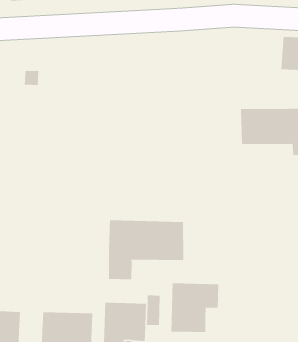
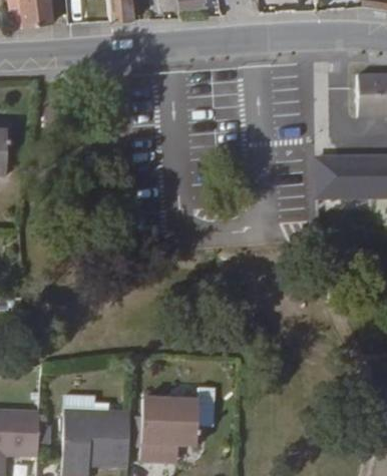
building: [109,219,184,280] -> none
building: [171,282,219,333] -> none

